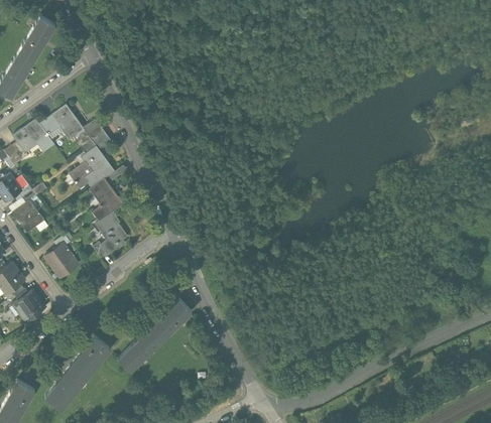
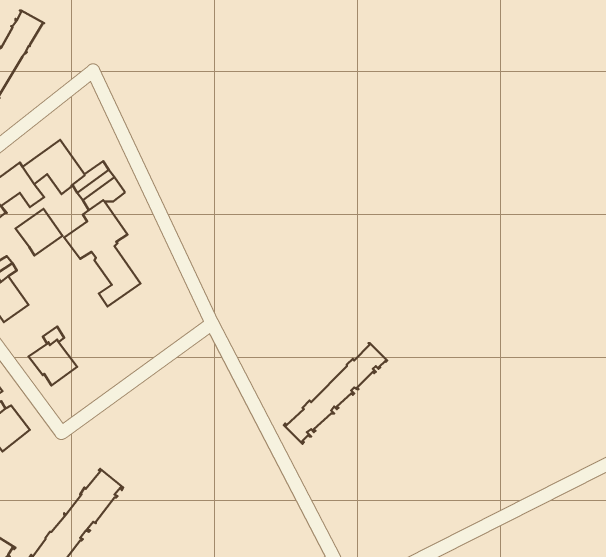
building: none -> [16,209,63,256]
building: [96,213,127,256] -> none
building: [118,301,191,372] -> [284,343,387,444]

